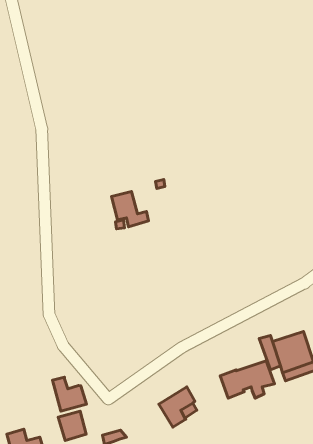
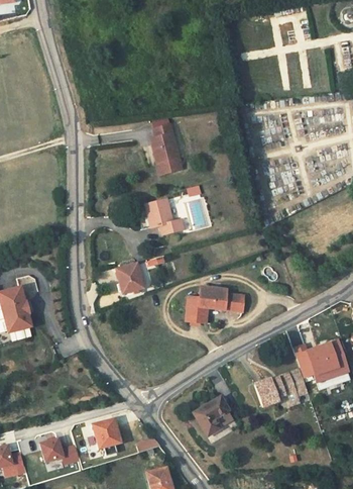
building: none -> [151,125,182,176]
building: none -> [116,264,143,293]
building: none -> [185,286,244,322]
building: [53,377,86,411] -> none

